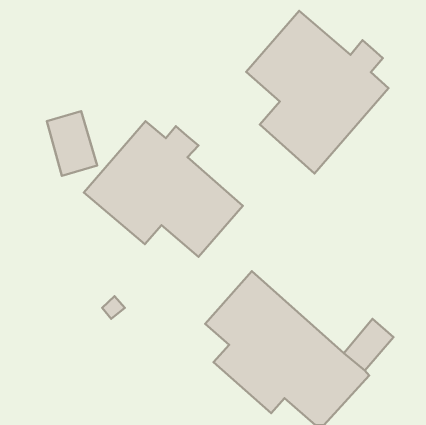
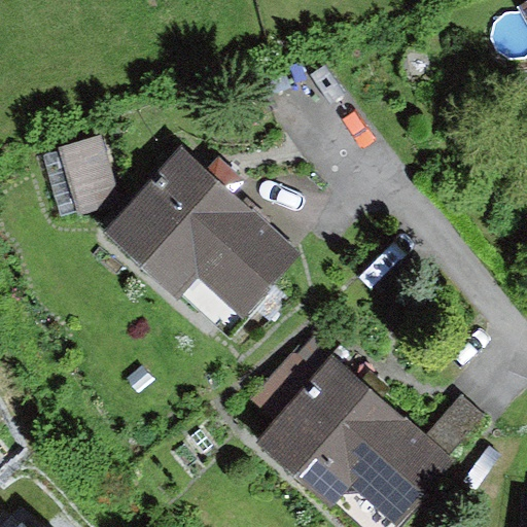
building: [246,11,388,173] -> none

